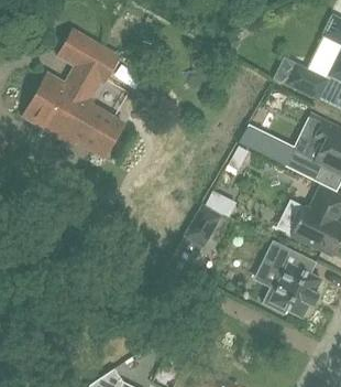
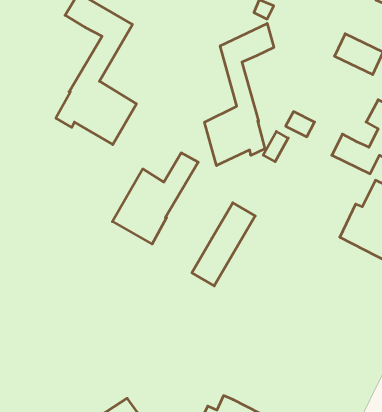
building: none -> [205,23,274,166]
building: [22,58,94,135] -> [112,153,198,244]
building: [262,239,321,315] -> none

